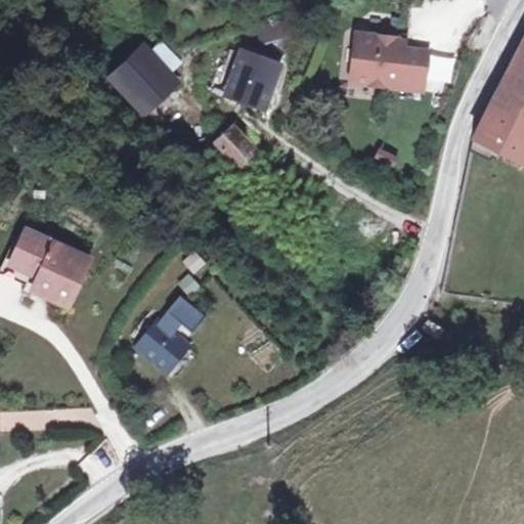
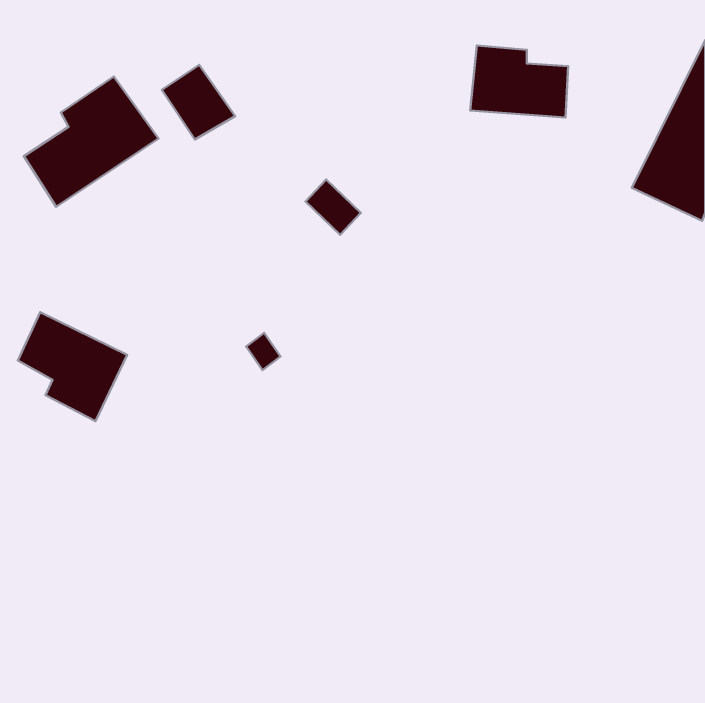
building: [234,50,288,106] -> none
building: none -> [24,76,159,207]
building: [141,292,207,365] -> none

